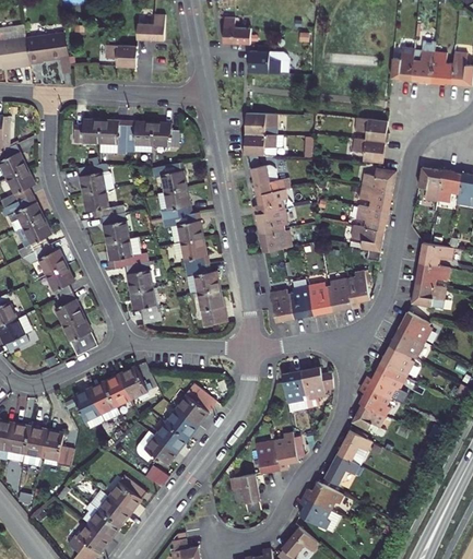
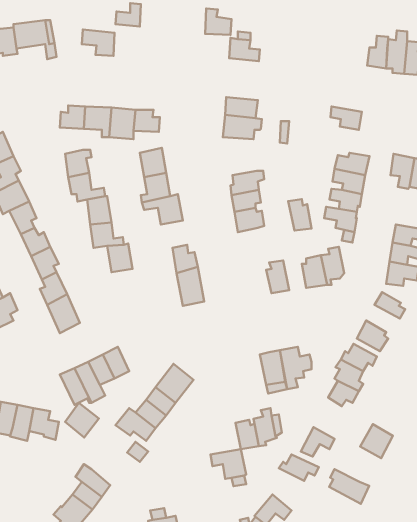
building: [353,138,385,162] -> none
building: [249,159,289,190] -> none
building: [179,237,206,265] -> none
building: [306,276,330,309] -> [288,199,311,231]
building: [265,282,294,316] -> none
building: [128,287,158,322] -> none
building: [392,324,427,353] -> none
building: [338,428,371,463] -> [360,424,393,458]
building: [107,475,142,511] -> [65,403,99,438]
building: [296,493,338,530] -> [329,469,369,504]

